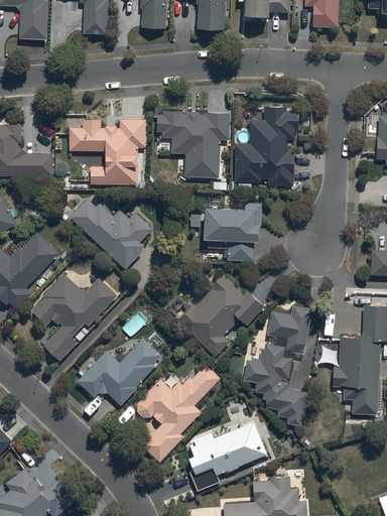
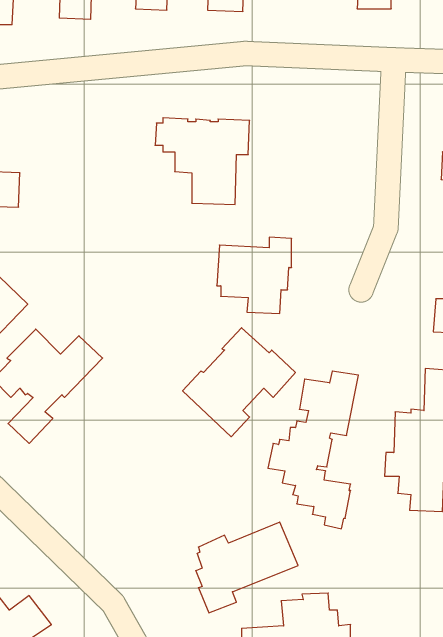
building: [235,108,297,184] -> none
building: [69,119,145,184] -> none
building: [70,198,151,270] -> none
building: [77,338,160,404] -> none
building: [136,364,220,463] -> none

